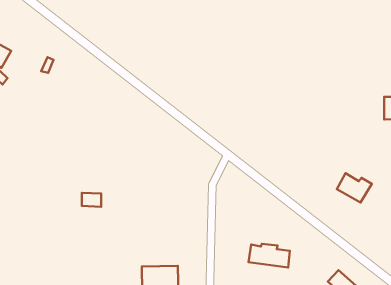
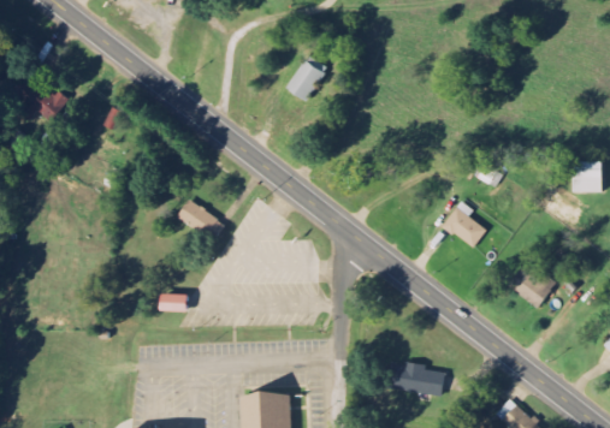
building: none -> [285,59,326,102]
building: none -> [176,200,218,237]
building: none -> [442,201,485,248]

